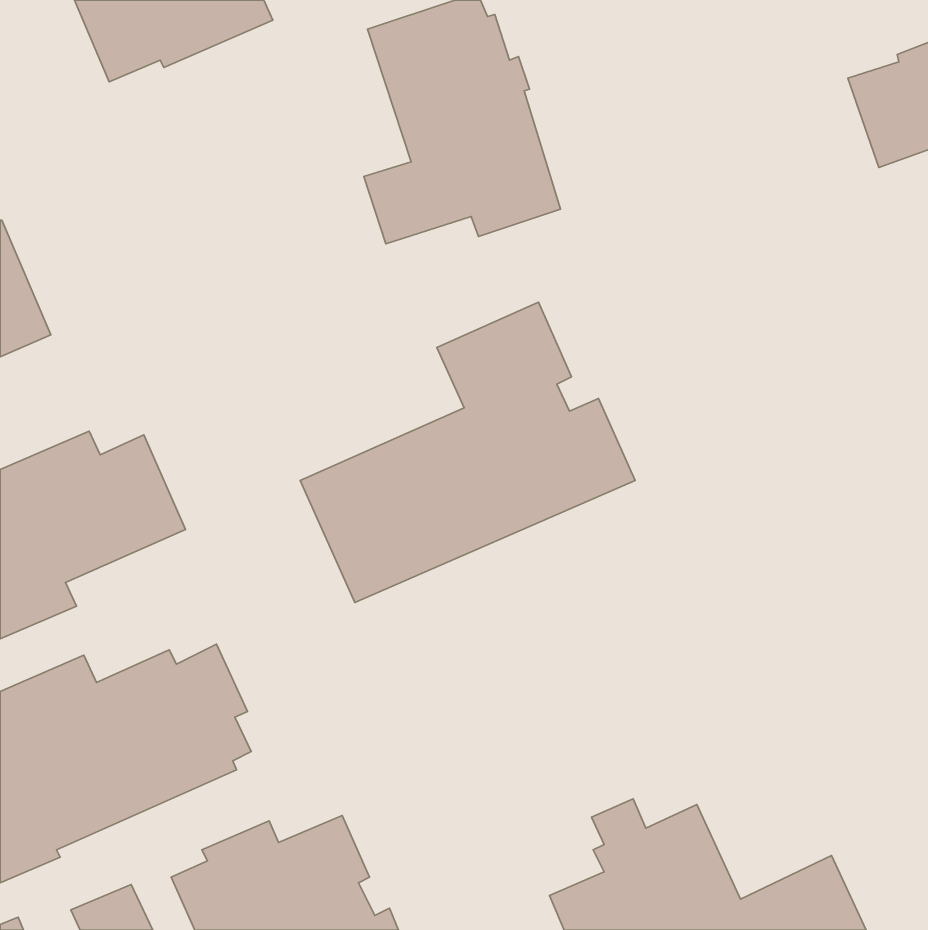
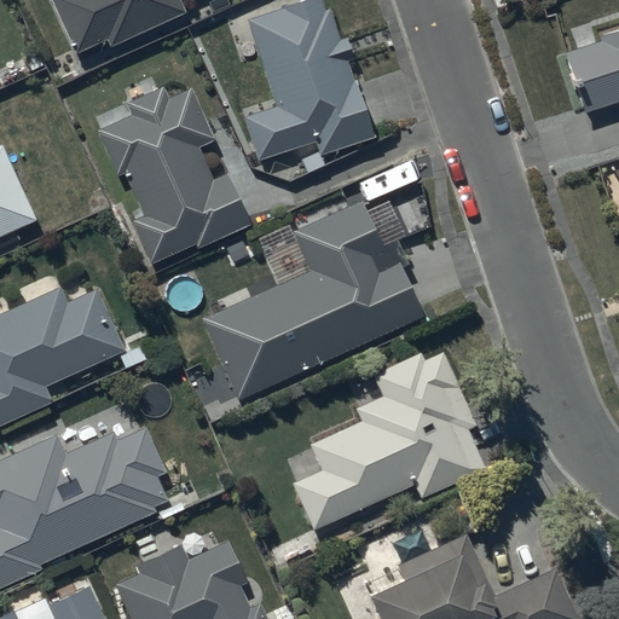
building: none -> [97,88,249,265]
building: none -> [291,352,487,530]

